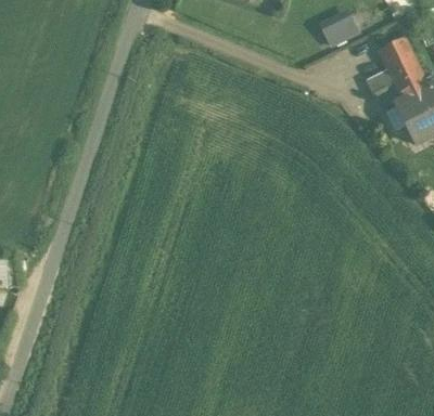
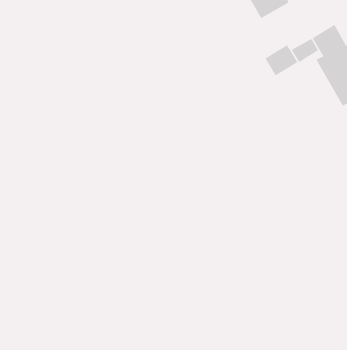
building: [373,36,408,68] -> [265,44,298,76]

